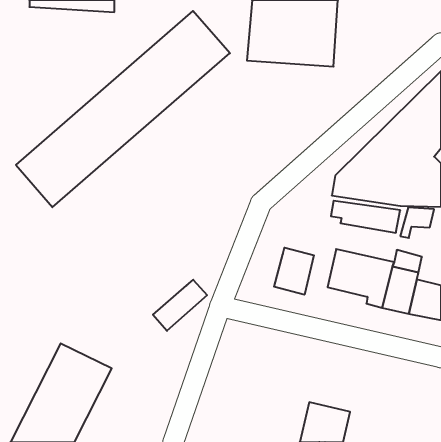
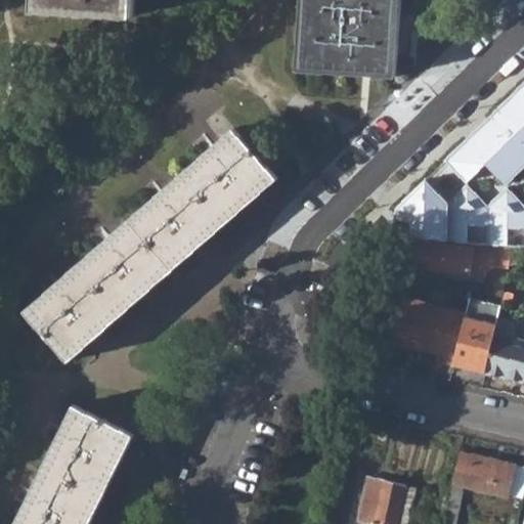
building: [16,11,230,207] -> [23,130,275,362]
building: [274,248,314,295] -> none
building: [153,280,207,331] -> none
building: none -> [452,450,516,497]

